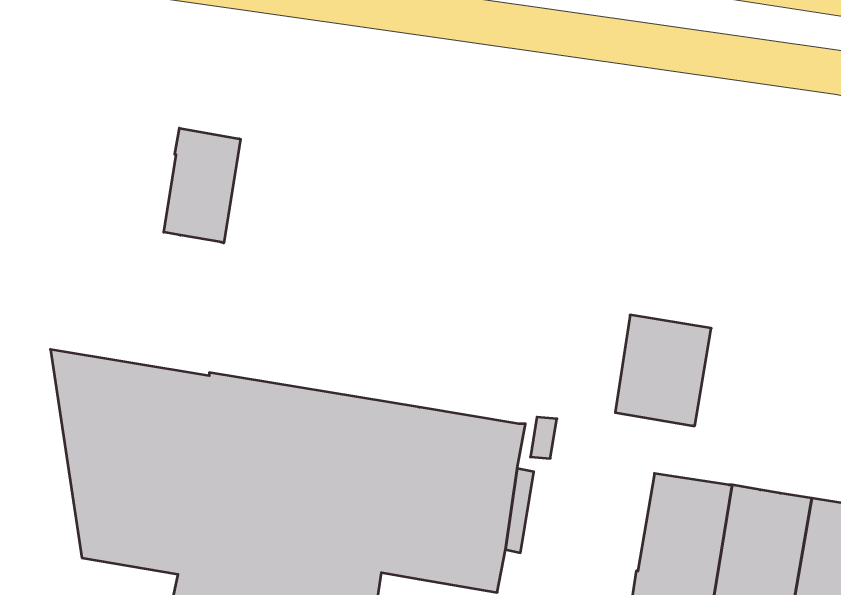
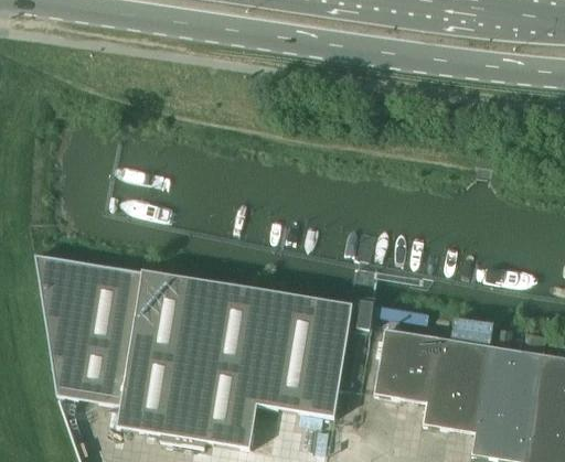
building: [164,128,241,243] -> none
building: [615,315,711,426] -> [374,327,438,401]

